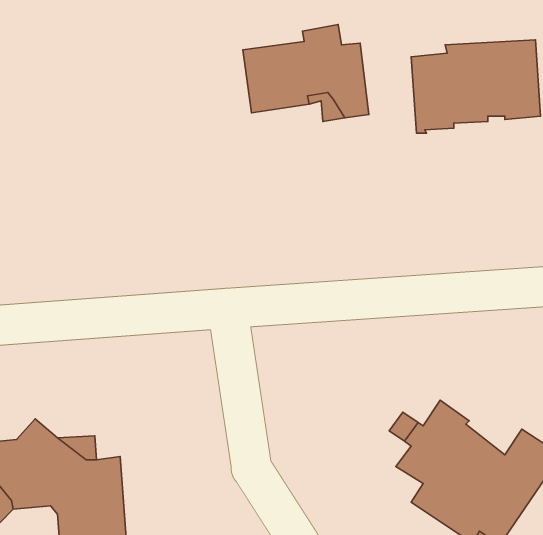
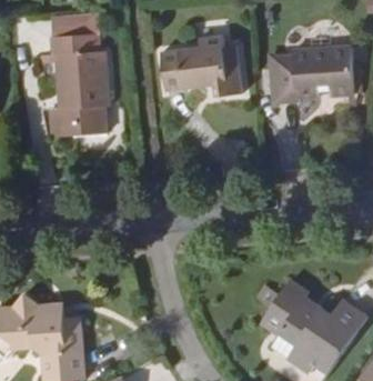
building: none -> [50,32,110,137]

